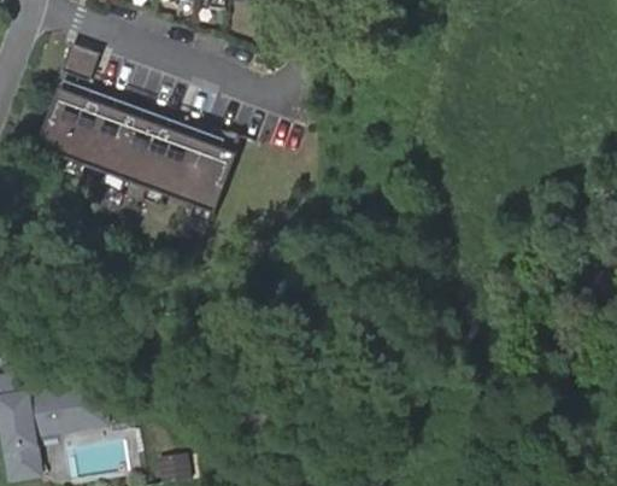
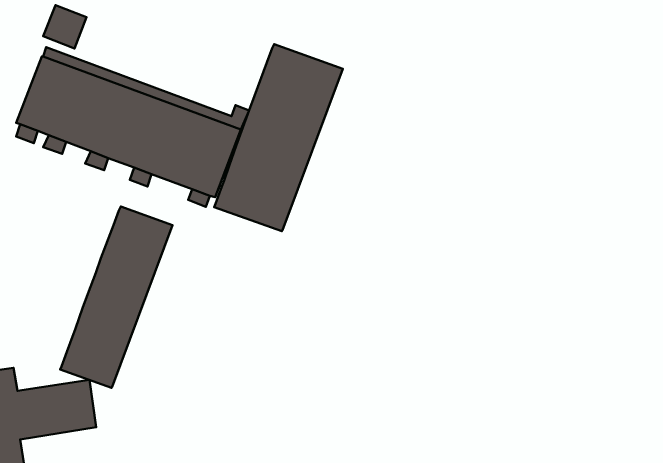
building: none -> [214,44,343,231]
building: none -> [60,206,173,388]

